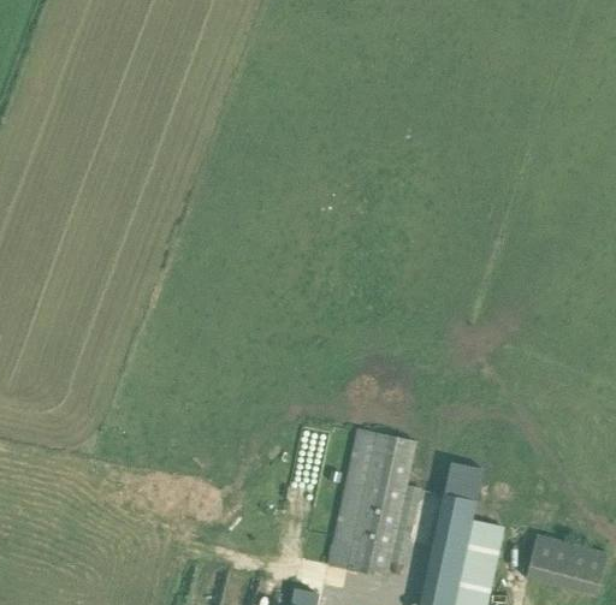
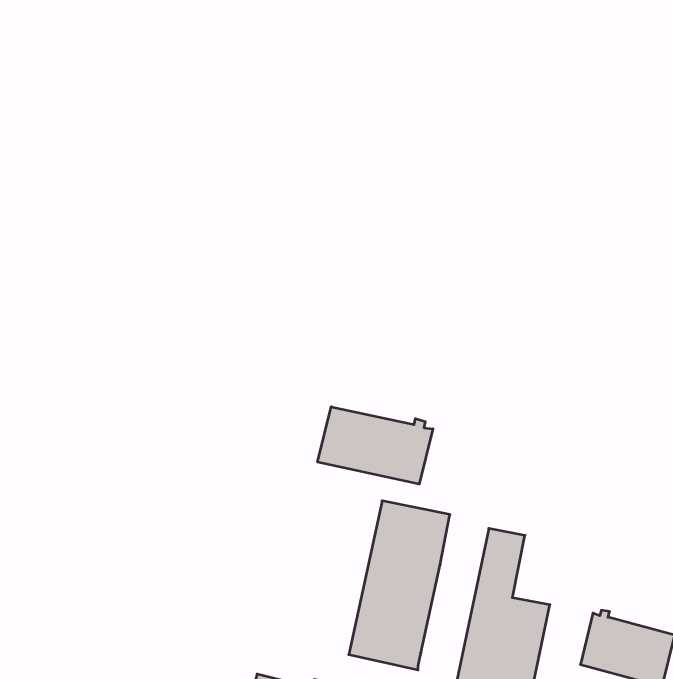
building: none -> [318,407,433,484]

